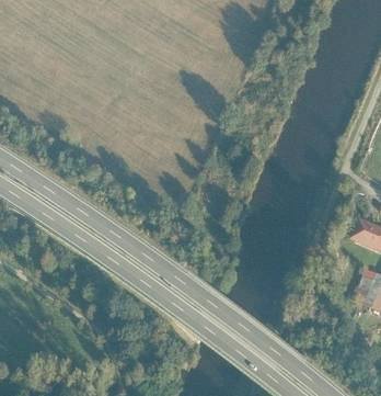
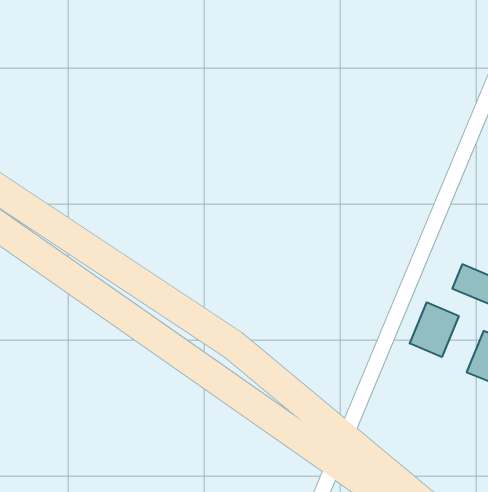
building: none -> [410,302,459,357]

